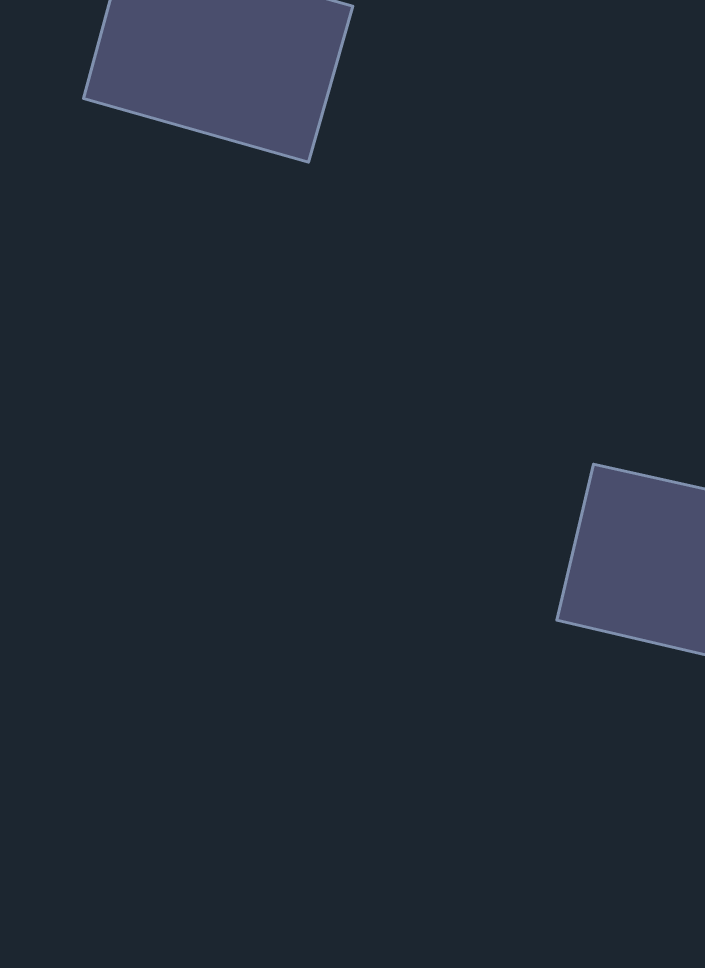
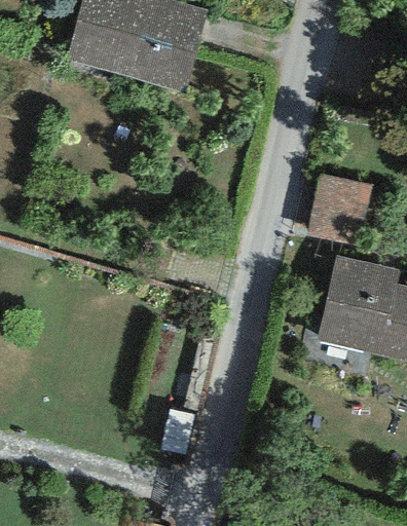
building: none -> [305,174,372,247]

